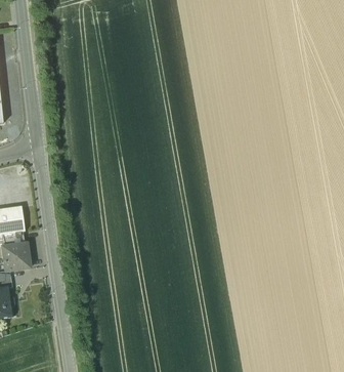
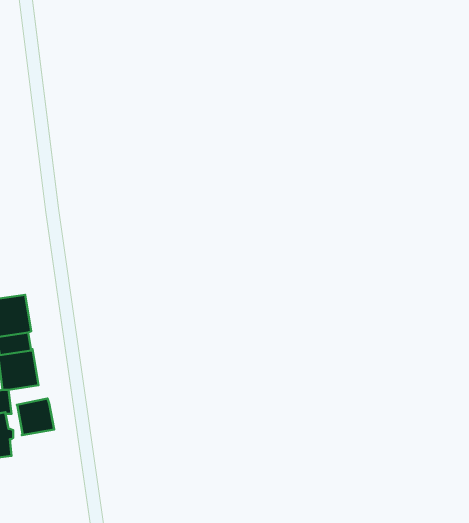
building: none -> [17,399,54,435]

